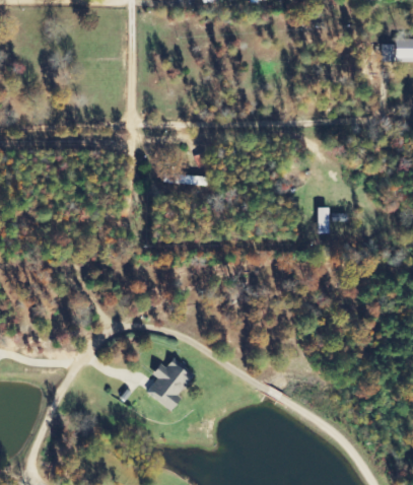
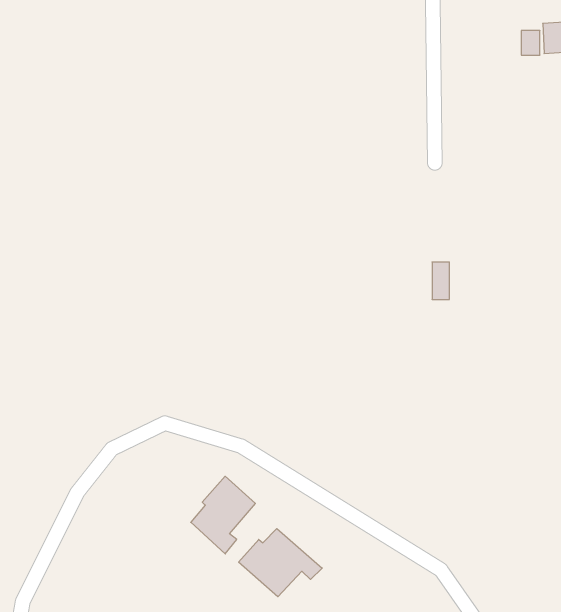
building: none -> [239,529,322,597]

